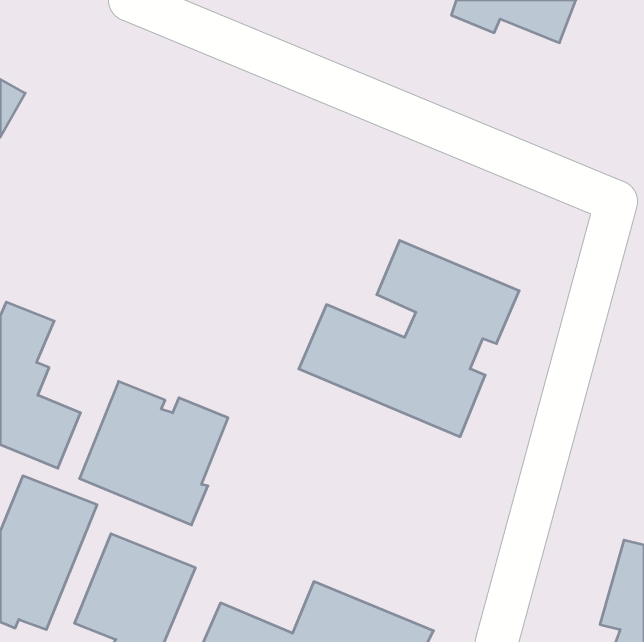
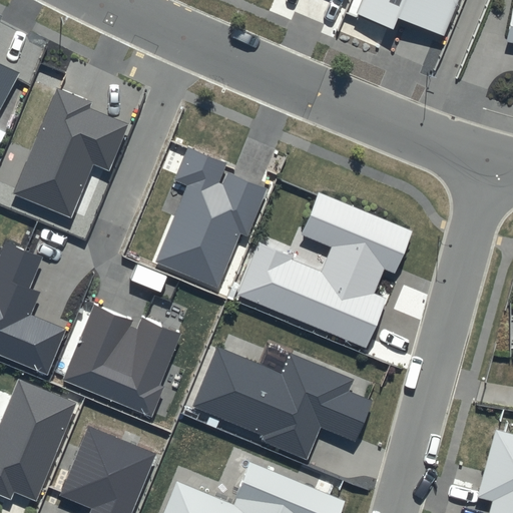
building: none -> [12,88,129,219]
building: none -> [155,147,268,289]
building: none -> [193,348,374,460]

